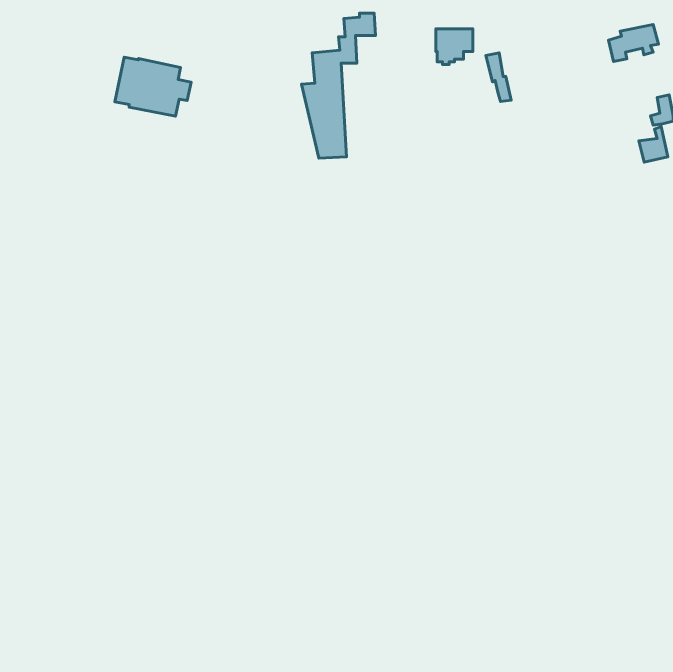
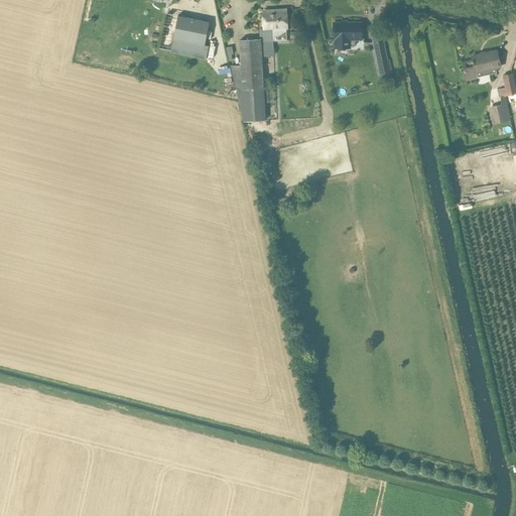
building: [608,24,658,61] -> [463,50,501,79]
building: [115,57,191,116] -> [159,13,218,58]

